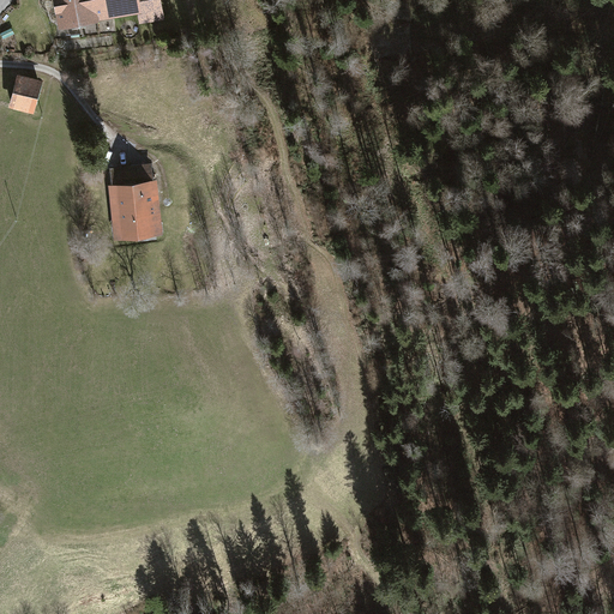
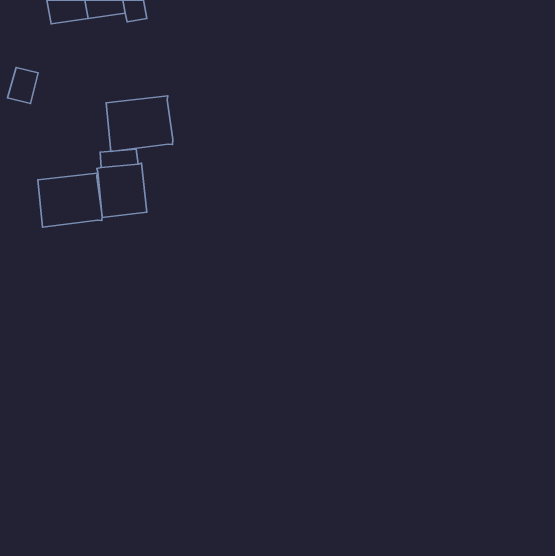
building: none -> [106,96,173,151]
building: none -> [38,173,102,227]

